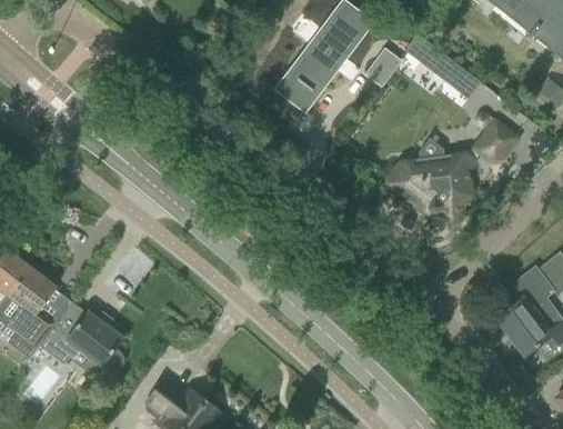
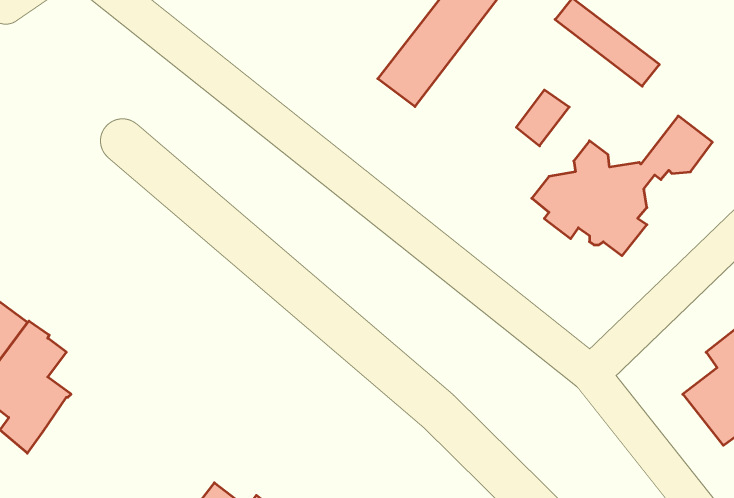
building: [364,47,402,87] -> [516,90,569,146]
building: [40,300,124,377] -> none

